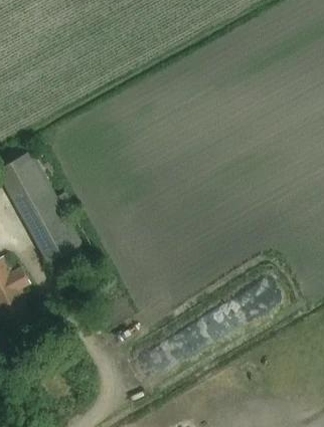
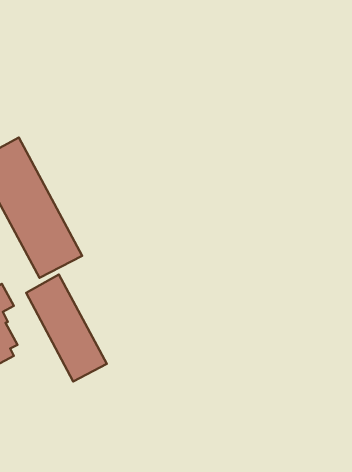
building: none -> [26,275,107,381]

